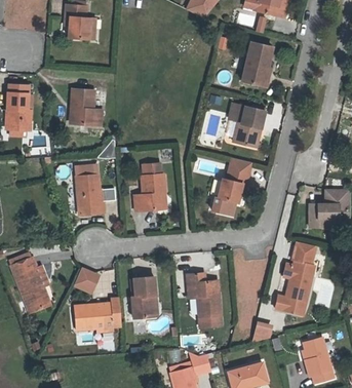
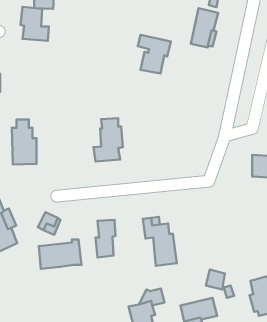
building: [71,99,102,135] -> [20,7,49,41]
building: [230,102,266,144] -> [138,35,171,74]
building: [81,166,108,216] -> [12,119,36,165]
building: [212,167,249,215] -> none
building: [270,243,311,310] -> none

